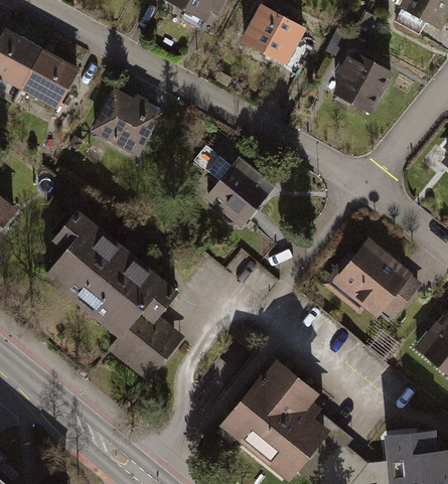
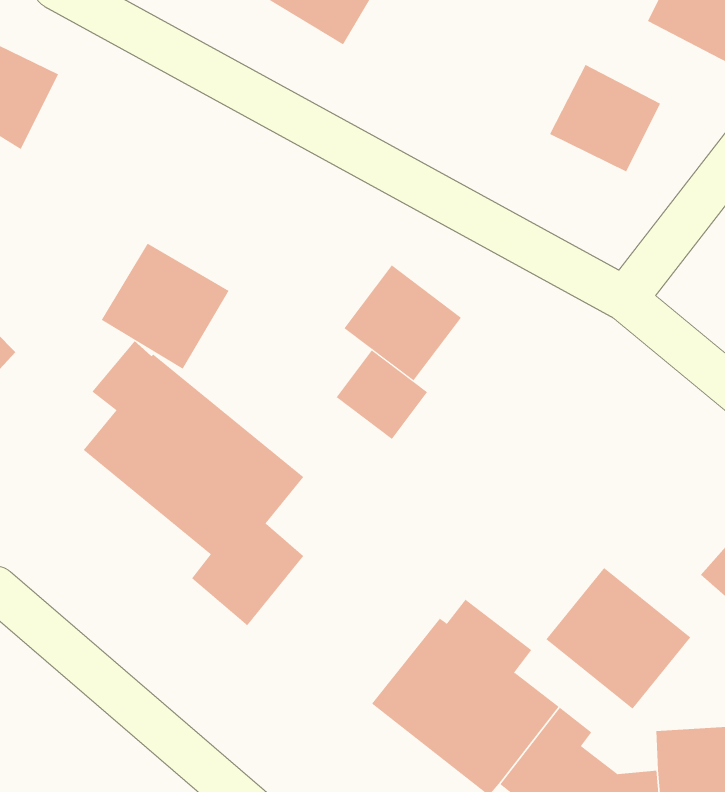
building: [237,12,305,77] -> none
building: [16,51,72,113] -> none
building: [86,90,161,164] -> [101,243,230,370]
building: none -> [336,349,428,440]
building: [334,236,420,320] -> [546,567,691,709]

